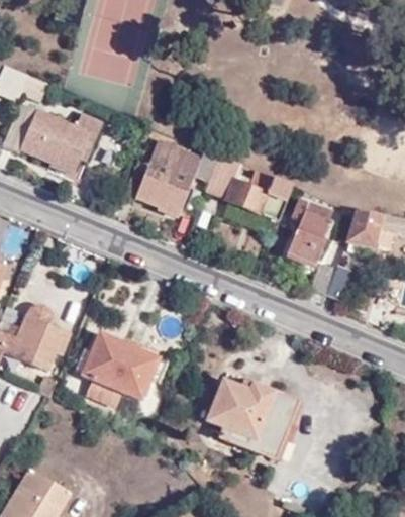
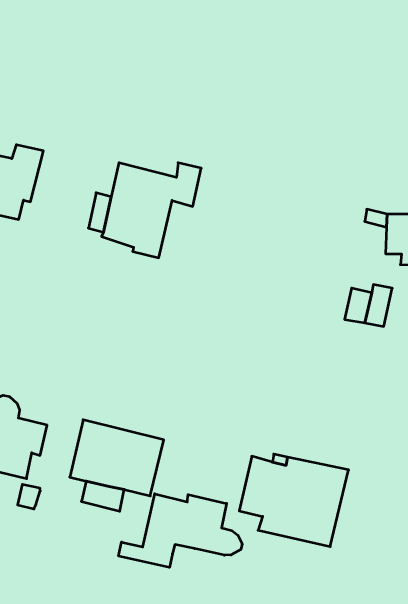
building: [205,153,294,221] -> none
building: [285,199,331,266] -> none
building: none -> [119,494,242,567]

